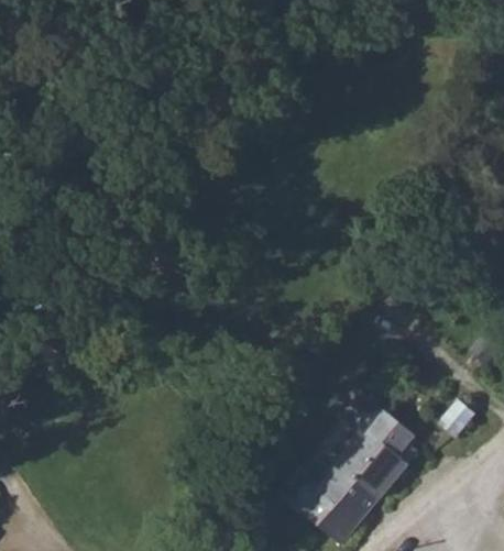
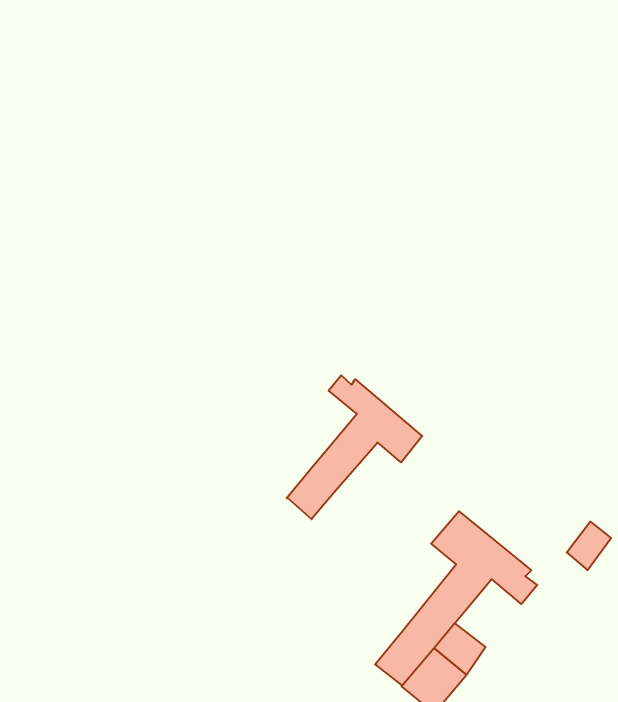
building: none -> [287,375,422,519]
building: [359,444,408,495] -> none

